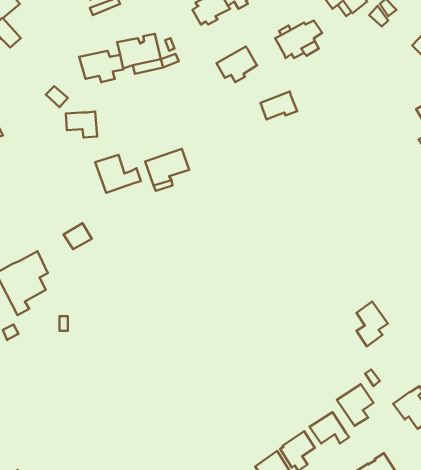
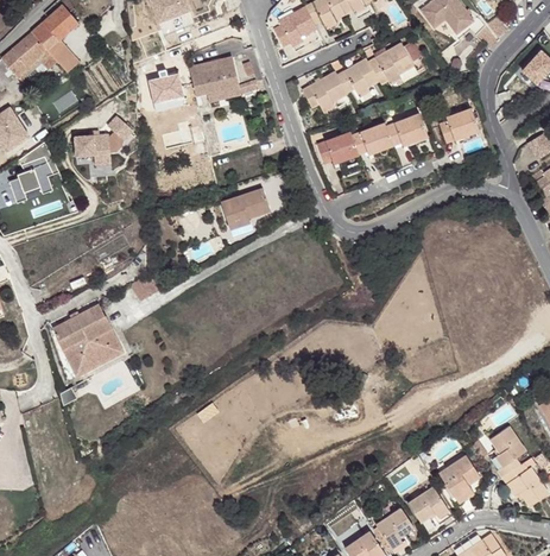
building: none -> [337,58,379,96]
building: none -> [440,108,479,143]
building: none -> [386,114,428,145]
building: none -> [317,132,359,163]
building: [66,112,97,138] -> [75,134,110,164]
building: [95,155,141,193] -> none
building: none -> [84,329,122,369]
building: [356,301,388,346] -> [491,427,526,478]

